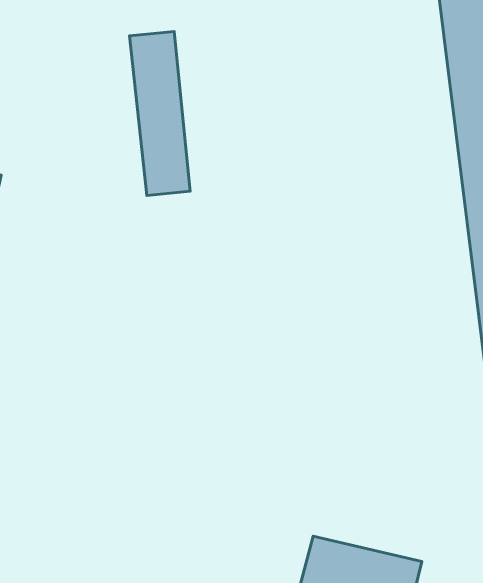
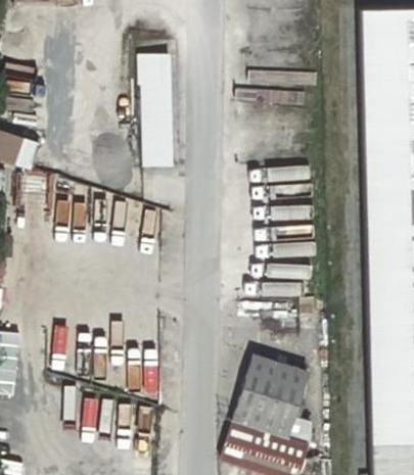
building: none -> [234,355,327,448]

